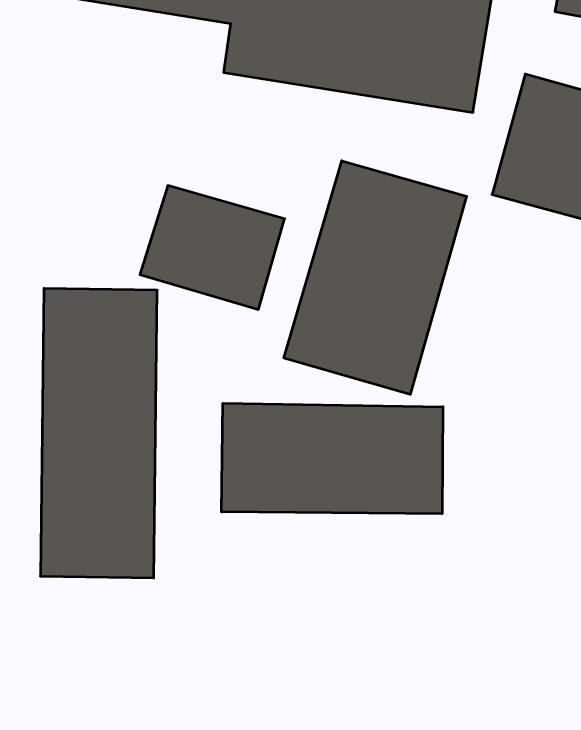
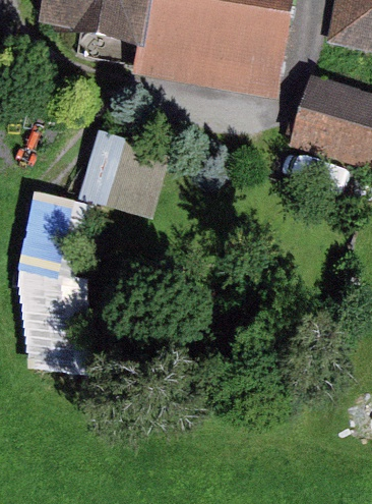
building: [284,161,467,394] -> none
building: [222,403,443,514] -> none

